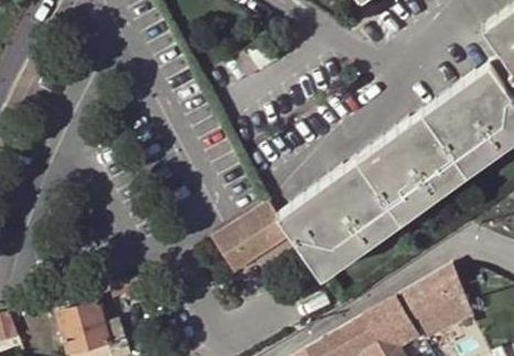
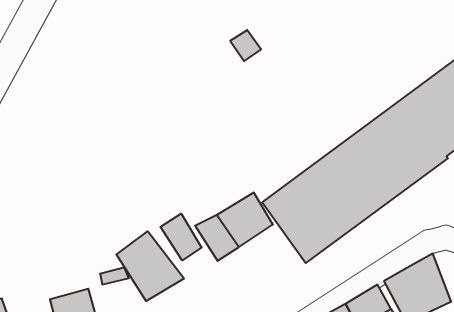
building: none -> [161,214,202,260]
building: none -> [116,231,184,301]

